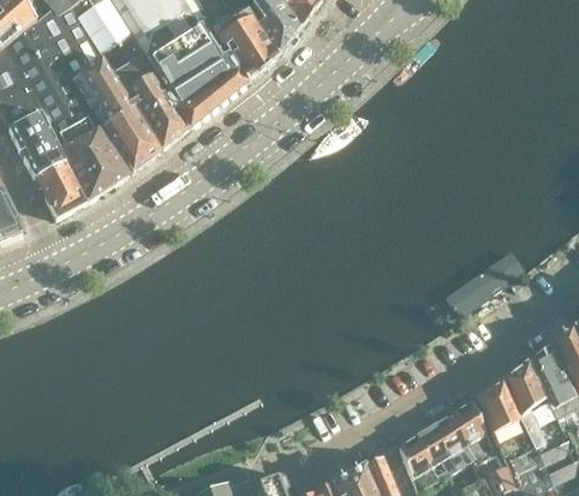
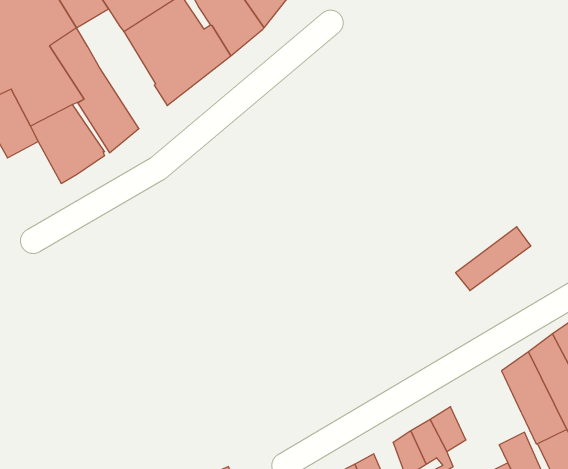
building: [112,56,186,153] -> none
building: [36,165,86,221] -> none
building: [474,381,520,435] -> none
building: [453,402,485,459] -> none

